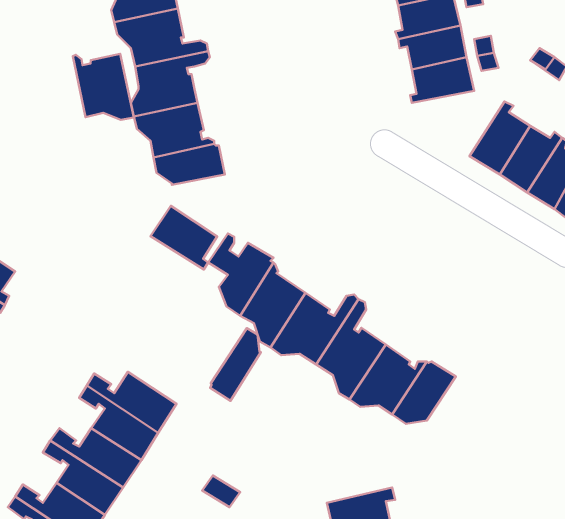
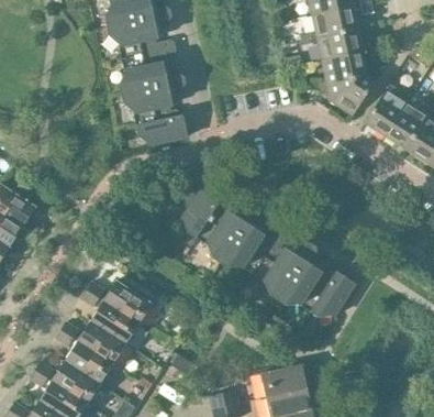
building: [73,54,134,120] -> none
building: none -> [322,76,375,116]
building: [150,206,217,270] -> none
building: [210,328,261,401] -> none

